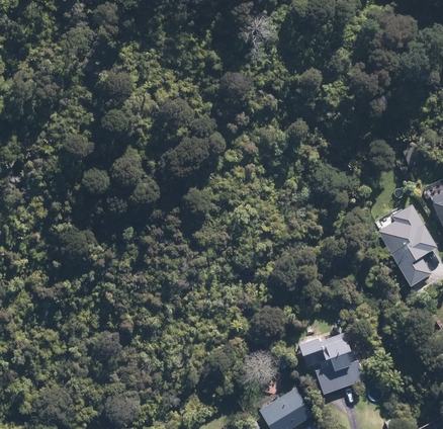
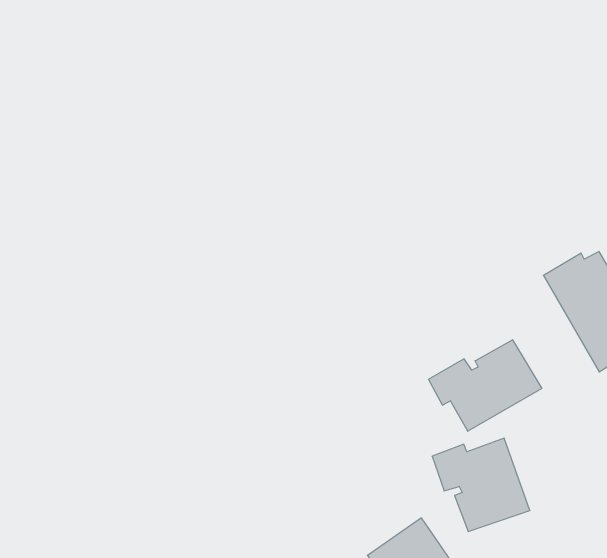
building: none -> [429,340,542,431]

